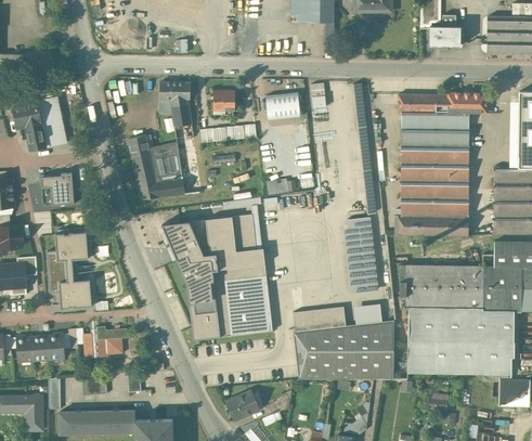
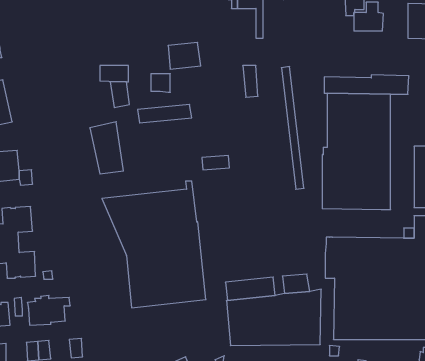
building: [265,92,300,120] -> [168,42,201,69]
building: [127,134,159,199] -> none
building: [342,217,378,293] -> none

